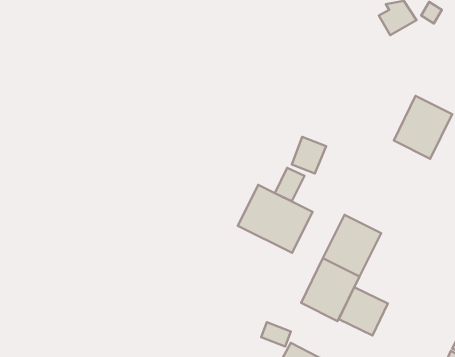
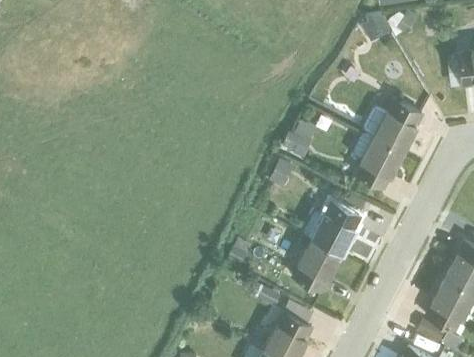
building: none -> [353,133,405,188]
building: [238,185,313,253] -> none
building: [339,287,388,336] -> none

